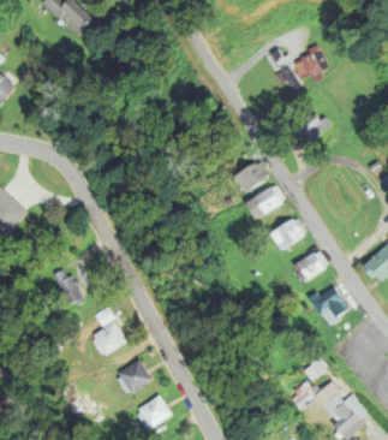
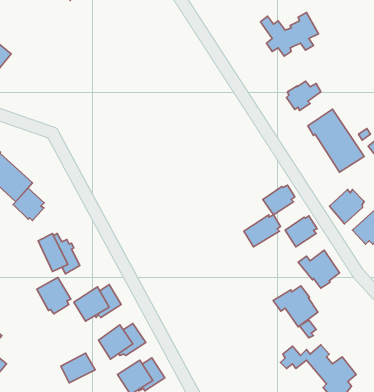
building: none -> [308,109,364,172]
building: [235,163,269,194] -> none
building: [247,186,285,219] -> [244,215,281,247]
building: none -> [13,188,44,221]
building: none -> [329,190,364,224]
building: none -> [37,278,71,314]
building: none -> [273,286,318,327]

